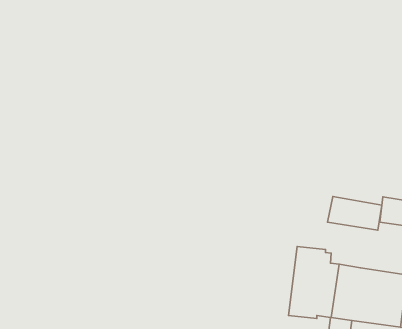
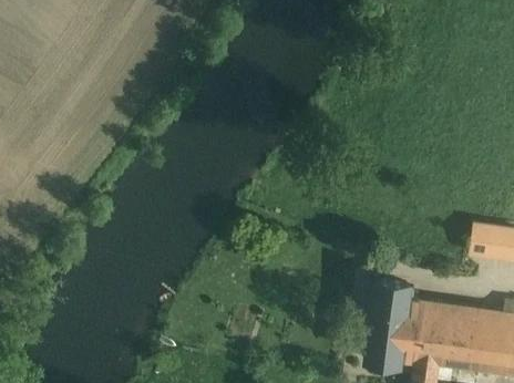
building: [328,197,382,230] -> none

